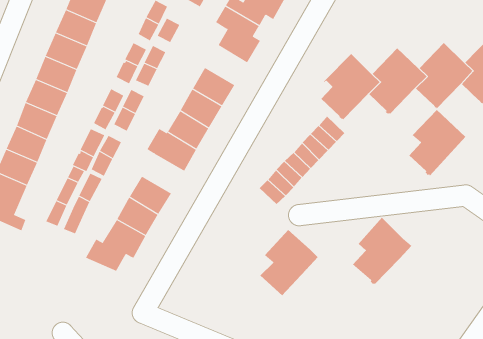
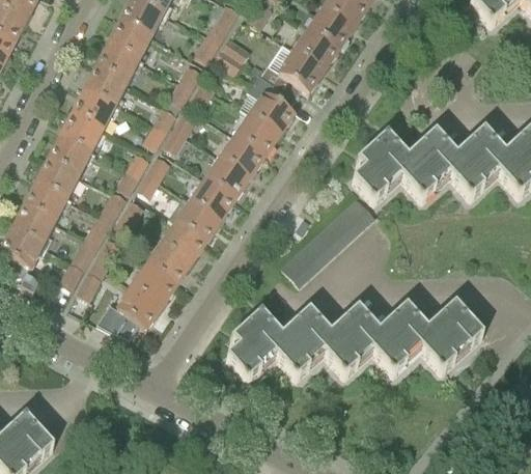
building: none -> [237,110,282,152]
building: [408,109,466,176] -> [424,299,485,367]
building: none -> [164,217,208,259]
building: none -> [327,303,389,371]
building: none -> [229,306,292,375]

